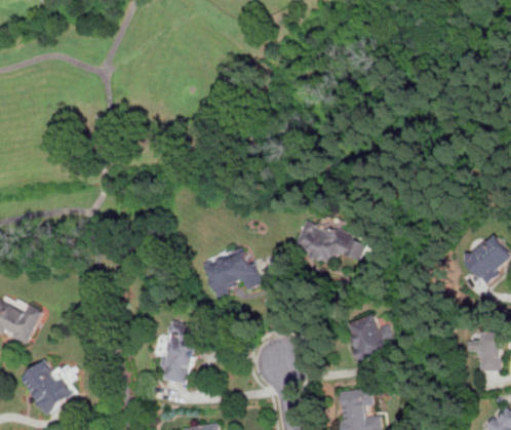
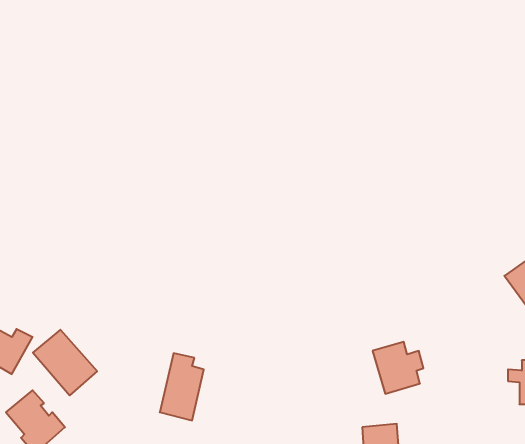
building: [293,219,365,265] -> none
building: [202,246,262,296] -> none
building: none -> [33,330,97,395]

